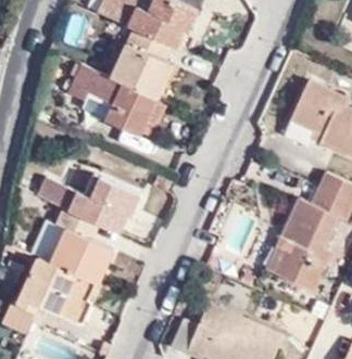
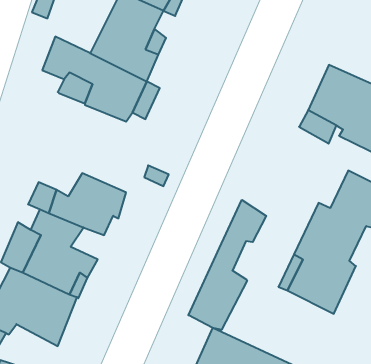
building: none -> [188,200,266,330]

